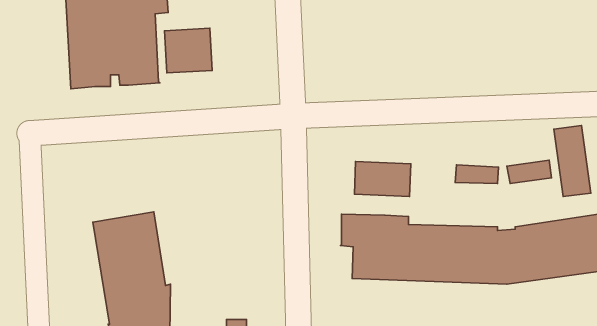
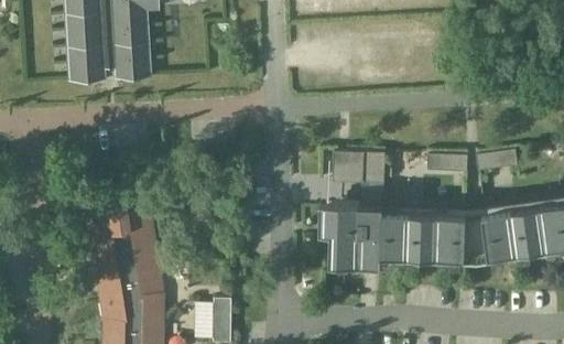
building: [165,28,212,73] -> none
building: [554,126,591,197] -> none

